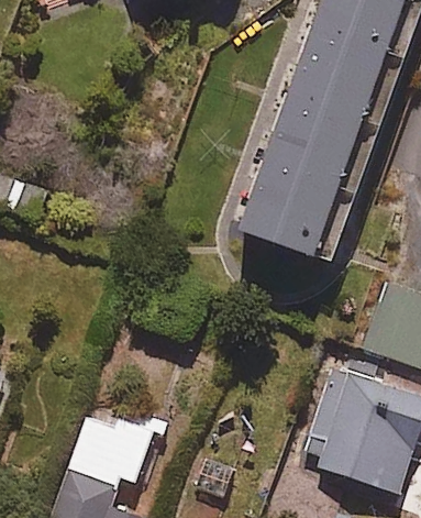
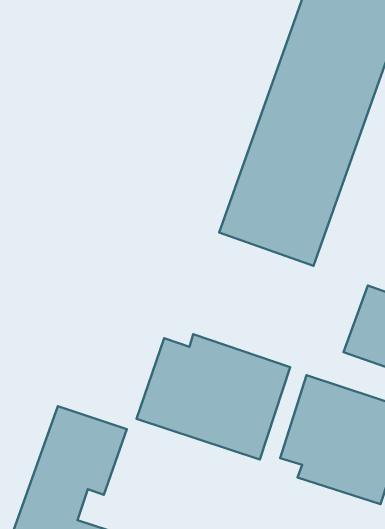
building: none -> [136,334,290,459]

